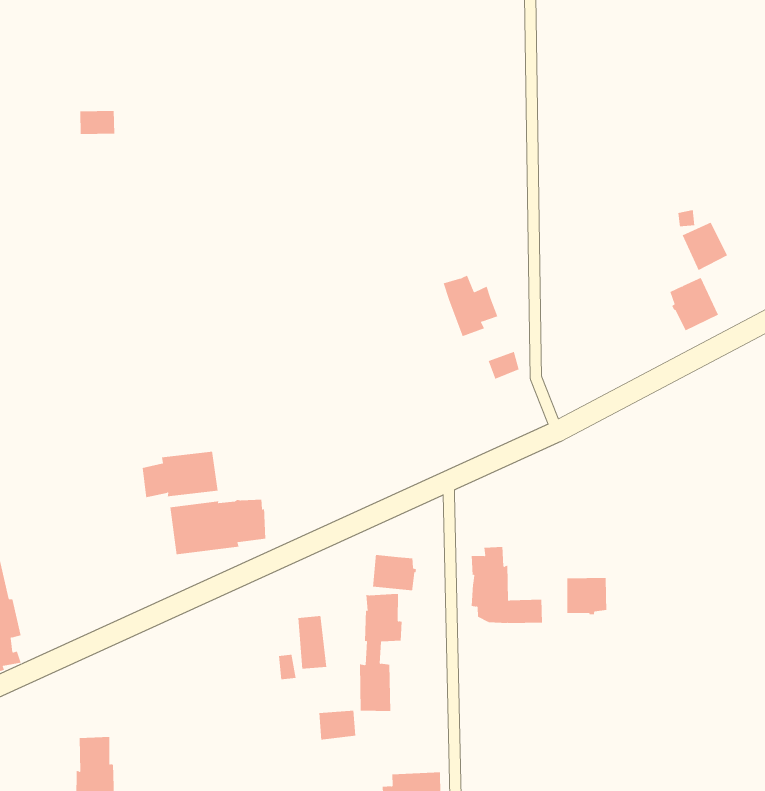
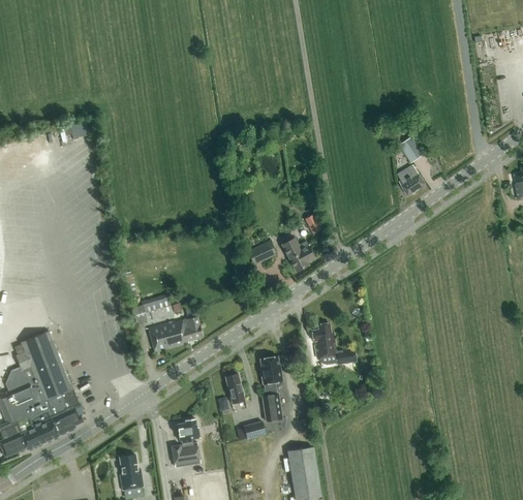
building: [443,275,498,337] -> [281,238,313,271]
building: none -> [246,241,276,265]
building: [372,554,416,591] -> none
building: [567,577,607,615] -> none
building: none -> [171,417,199,466]

